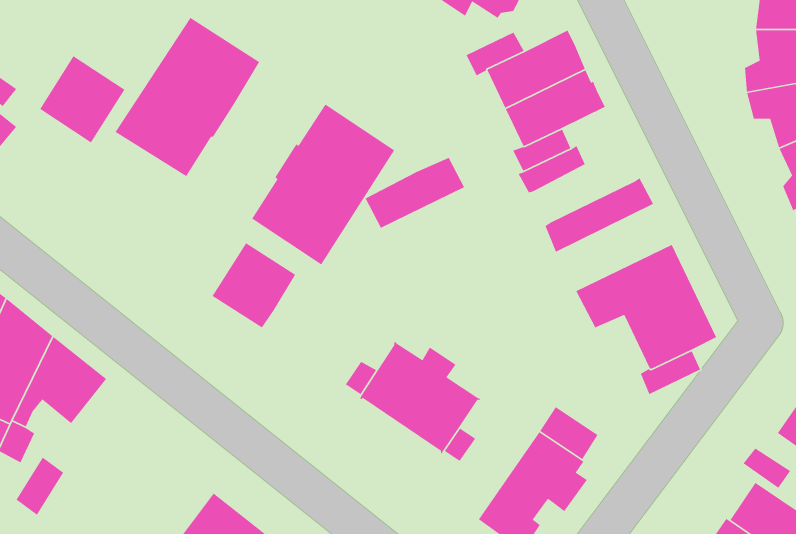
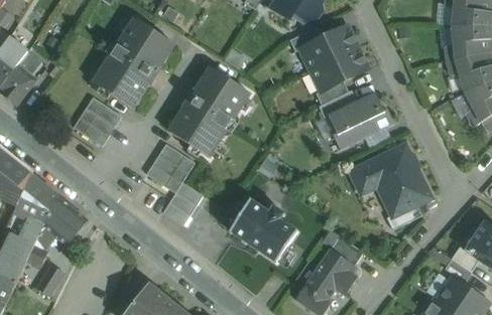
building: [39,55,125,143] -> [74,96,122,145]
building: [364,157,465,229] -> [328,92,384,132]
building: none -> [163,181,203,224]

